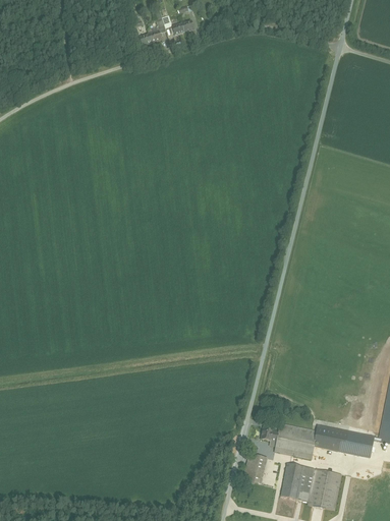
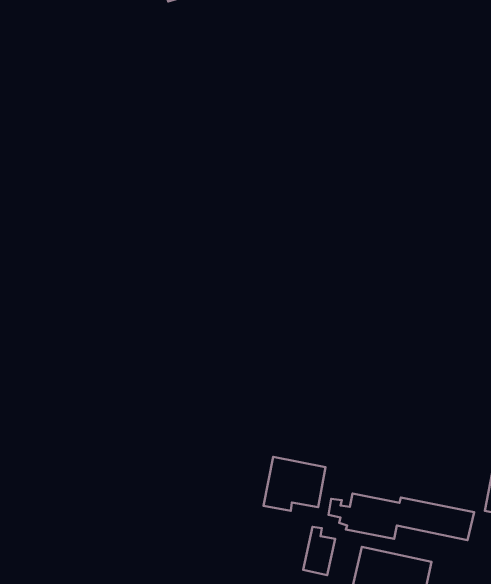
building: none -> [263,457,325,511]

